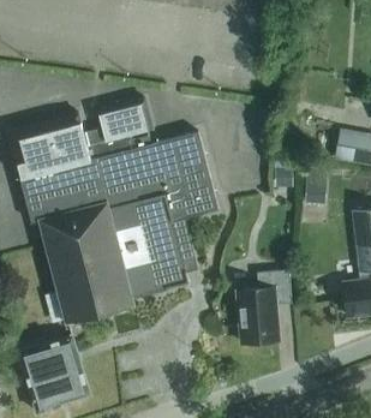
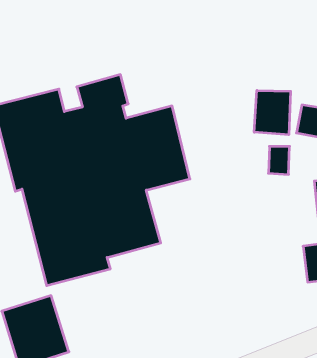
building: none -> [254,90,291,135]
building: [234,271,292,346] -> none

